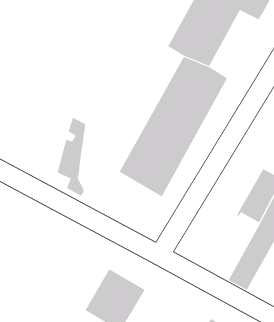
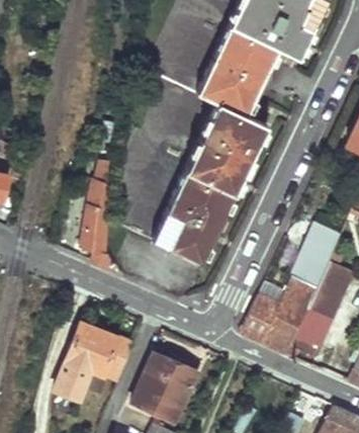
building: none -> [240,277,319,355]
building: none -> [48,320,132,402]

